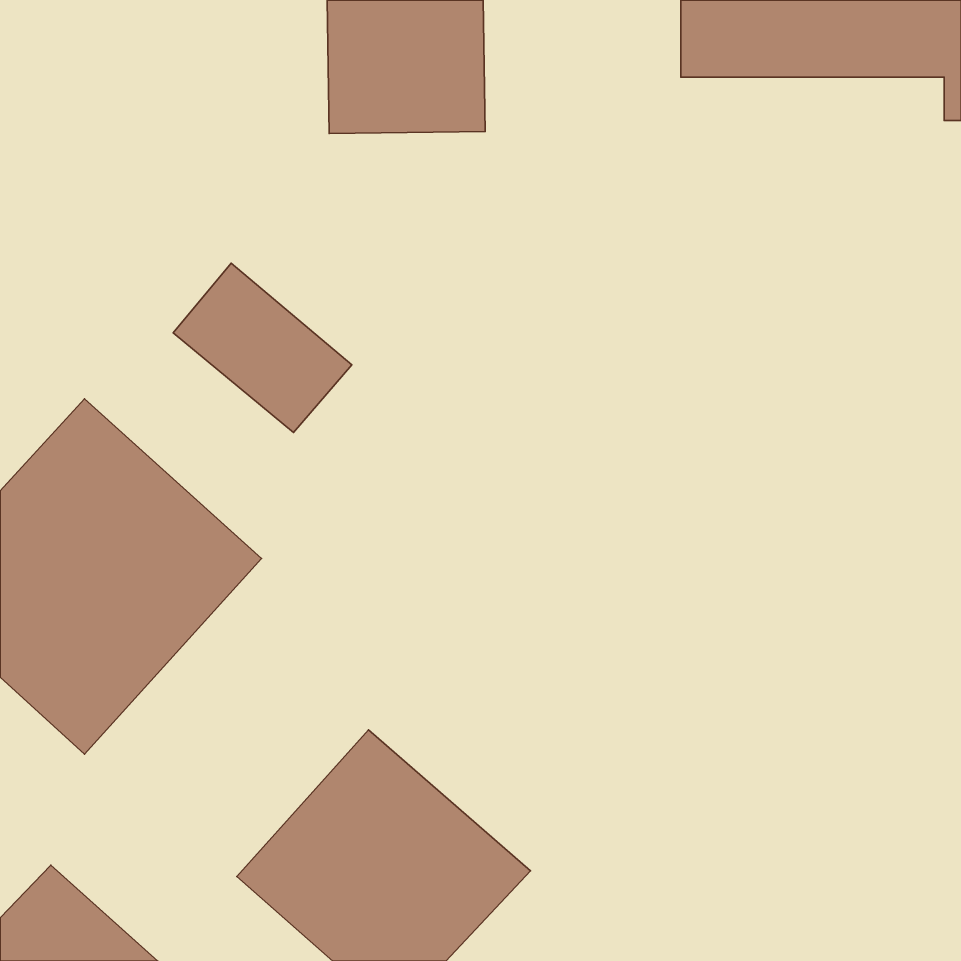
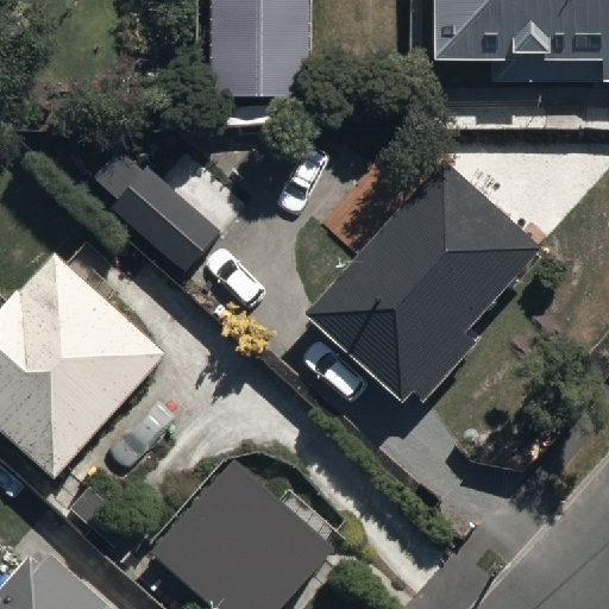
building: none -> [303,155,532,396]

